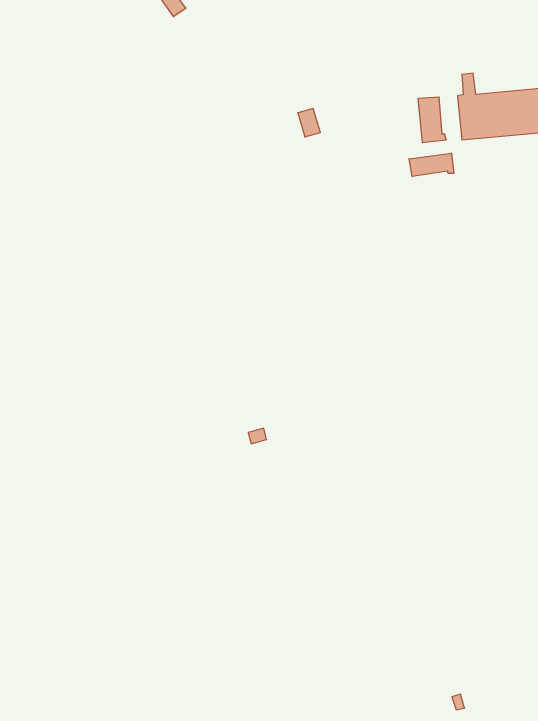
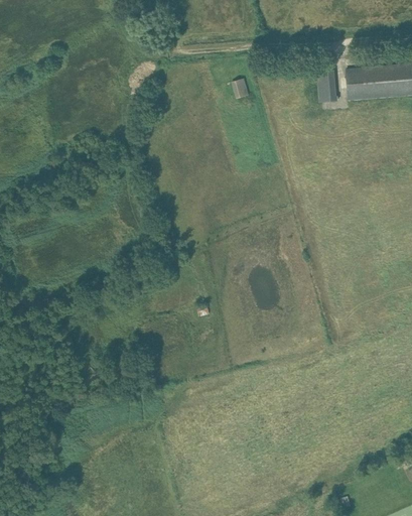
building: [409,153,454,177] -> none

